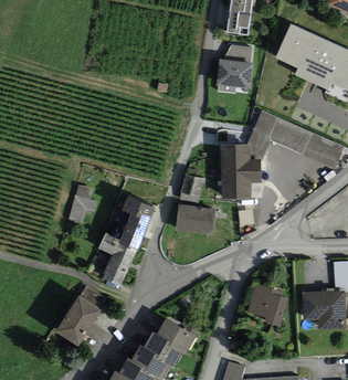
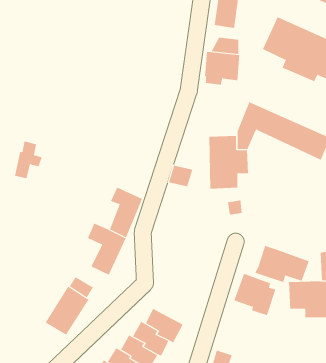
building: [68,183,97,222] -> [14,141,42,179]
building: [176,203,217,234] -> none
building: none -> [255,245,309,283]

